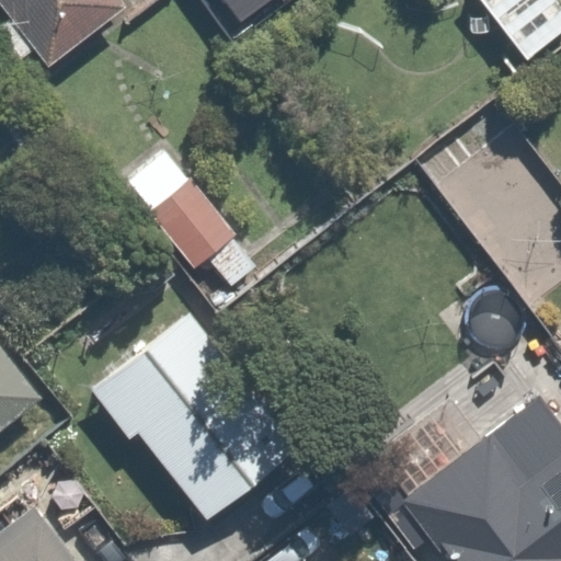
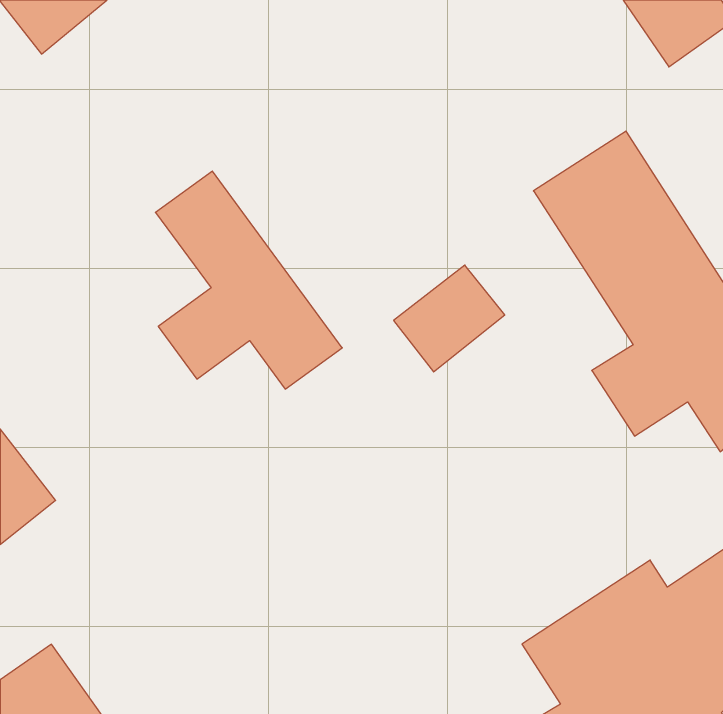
building: [82,295,305,518] -> none

